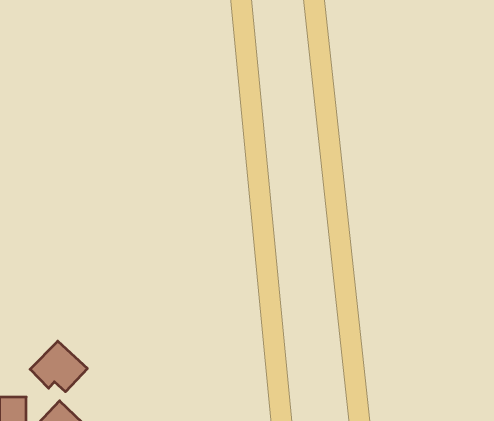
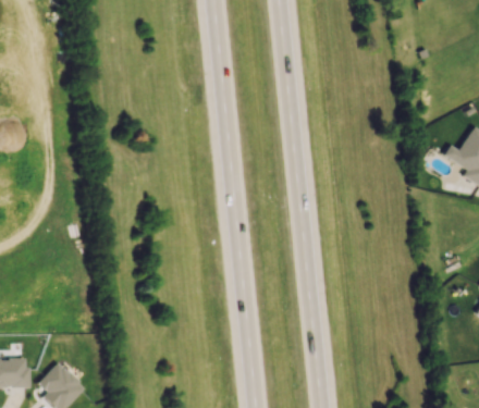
building: [30,341,87,392] -> none

